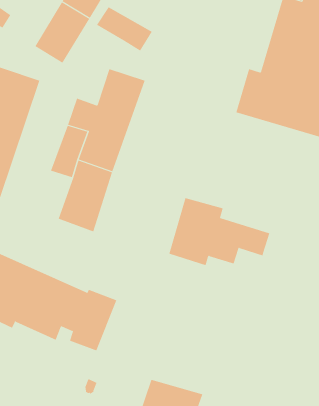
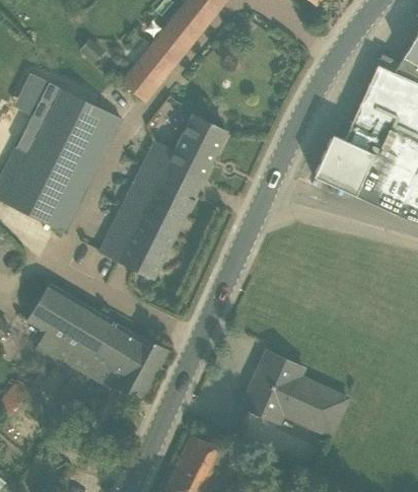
building: [96,7,153,52] -> none
building: none -> [98,210,139,260]
building: [168,197,270,266] -> [241,351,347,425]

